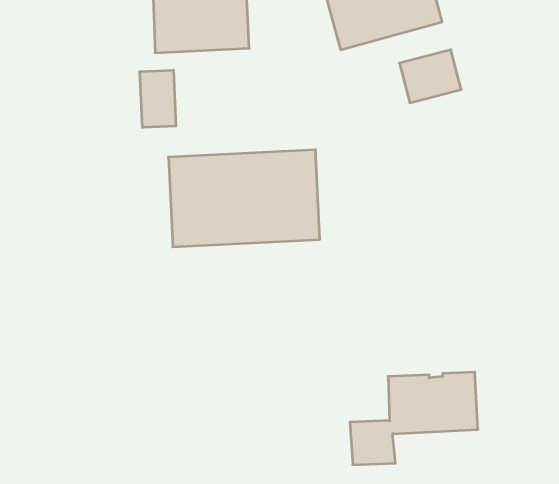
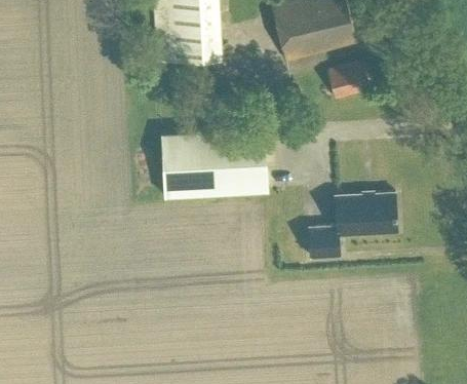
building: [140,70,176,128] -> none
building: [350,372,478,465] -> [307,193,396,258]

